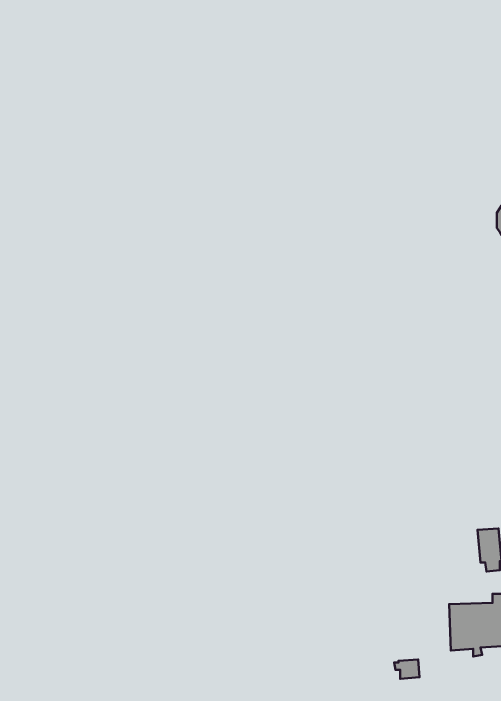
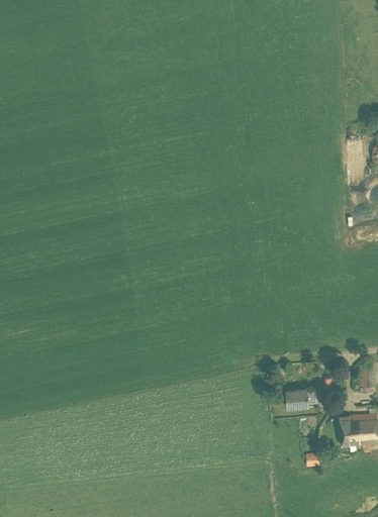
building: none -> [285,388,315,407]

